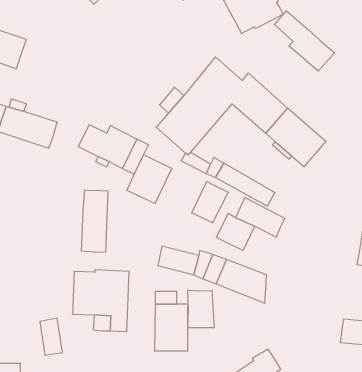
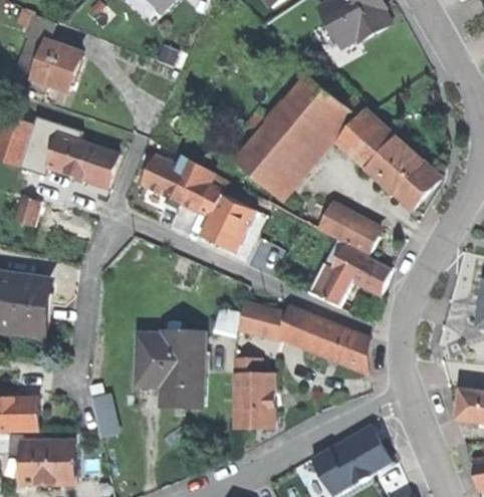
building: [274,11,335,71] -> none
building: [192,181,228,223] -> none
building: [81,190,108,252] -> none
building: [188,290,214,328] -> none

